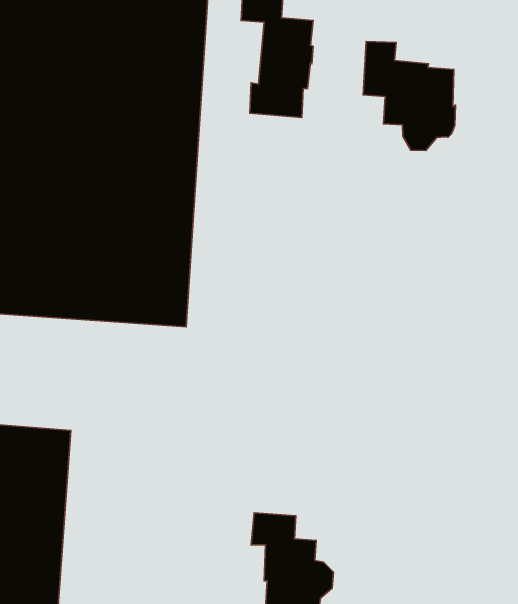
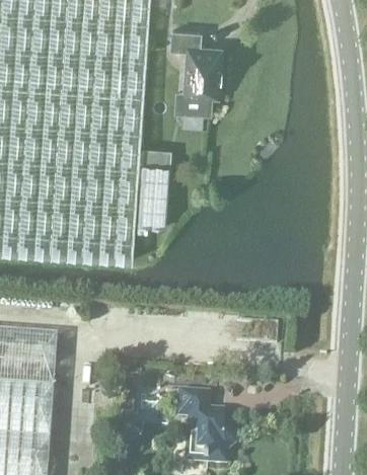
building: [363,42,456,151] -> none
building: none -> [138,164,169,233]

